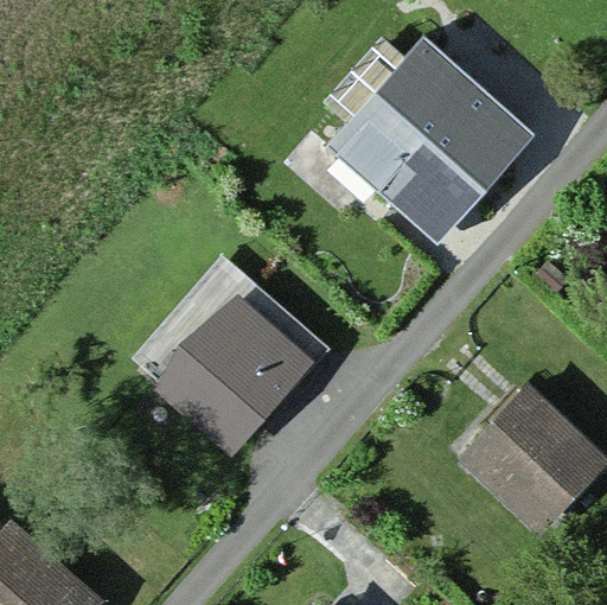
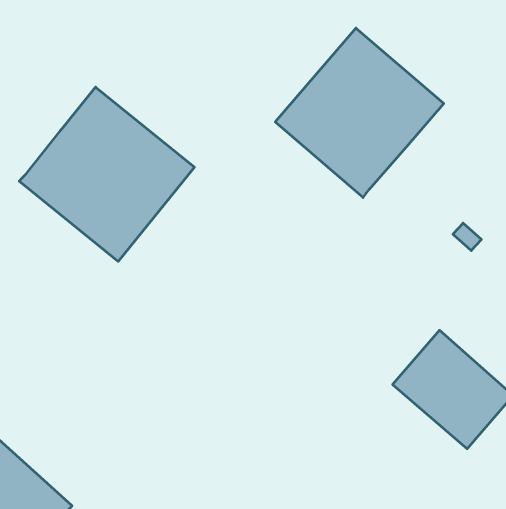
building: none -> [19,87,194,261]
building: [146,262,321,437] -> none

